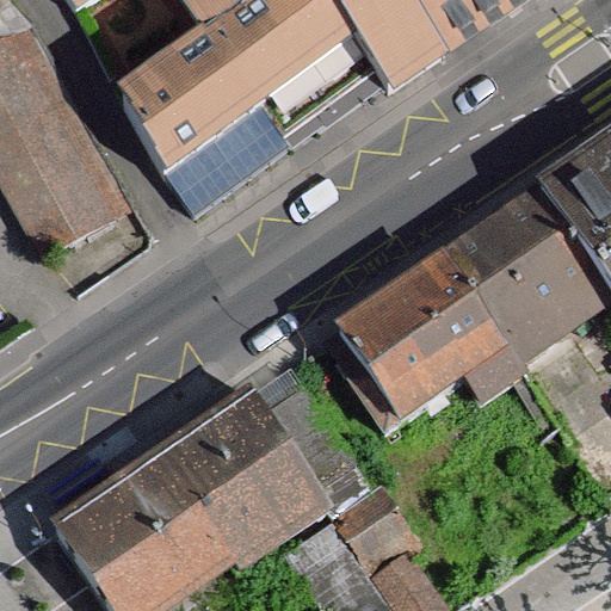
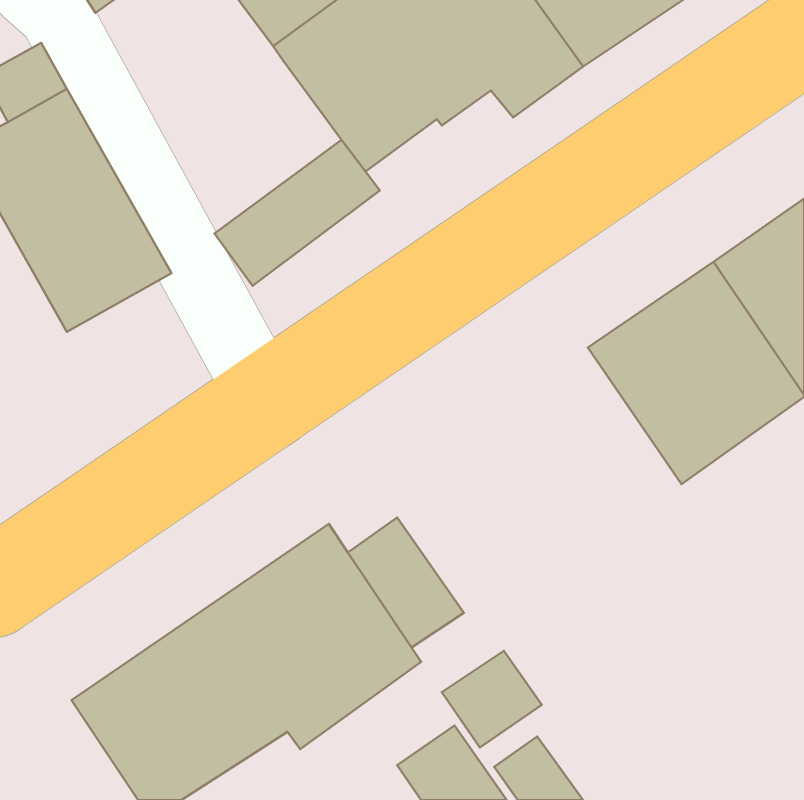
building: [119,45,257,175] -> none
building: [322,261,518,431] -> none

